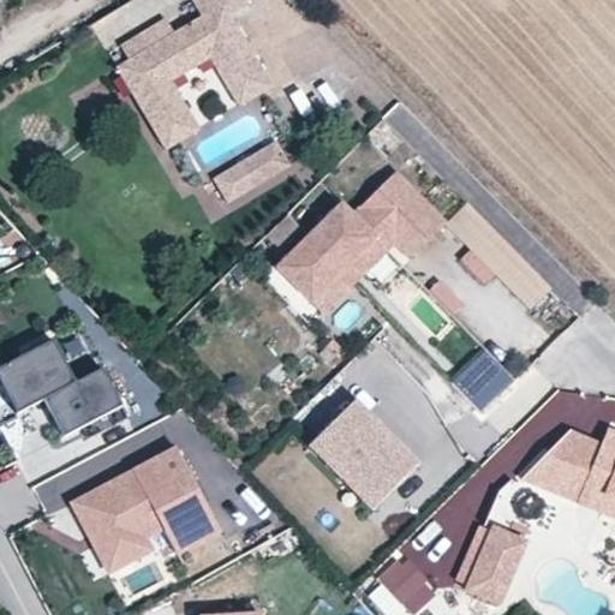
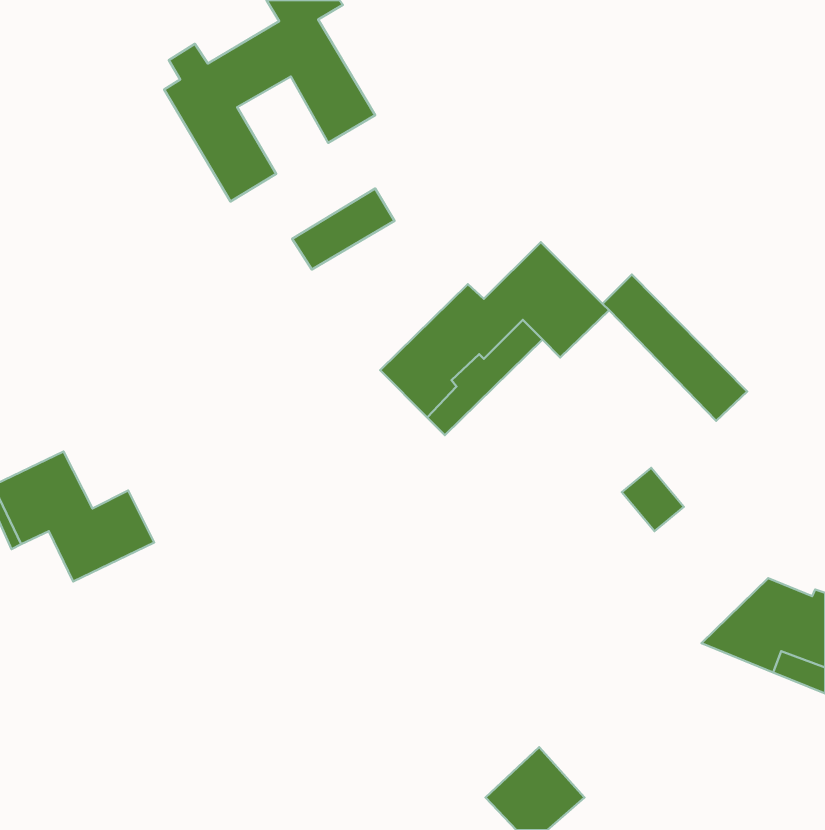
building: [306,395,410,500] -> none
building: [67,448,215,573] -> none
building: [460,521,521,599] -> none

